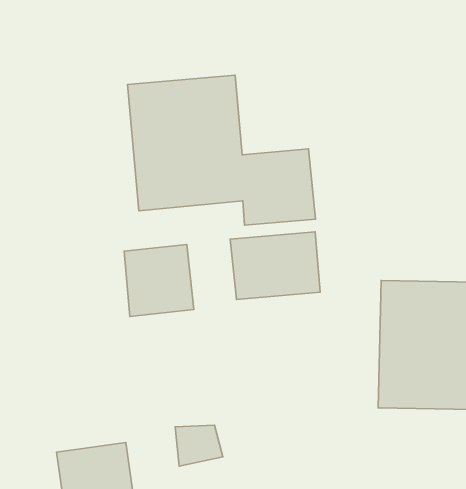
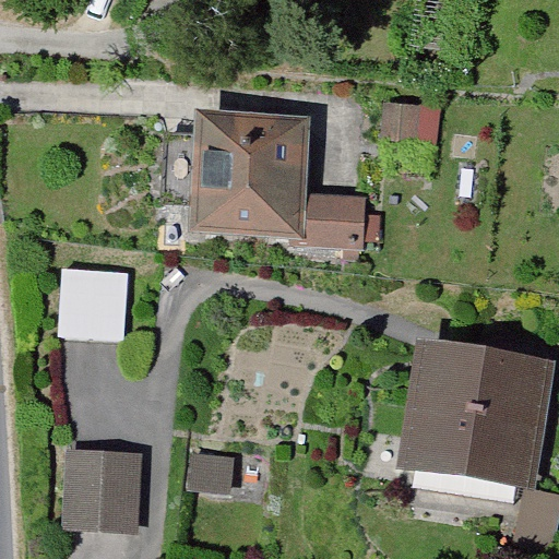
building: [230,232,320,299] -> none
building: [124,244,194,316] -> [60,276,128,345]

